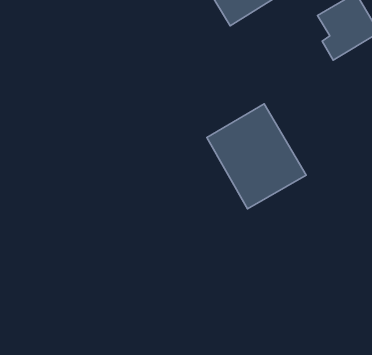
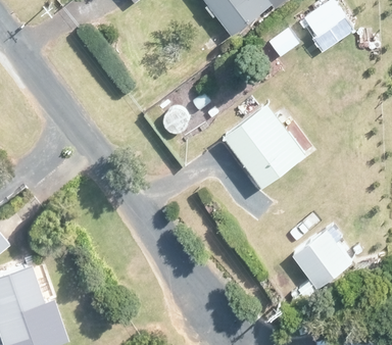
building: none -> [290,235,352,304]

